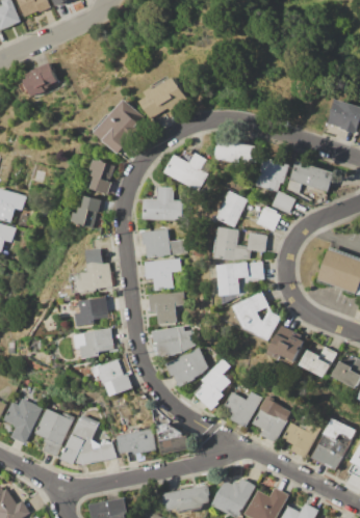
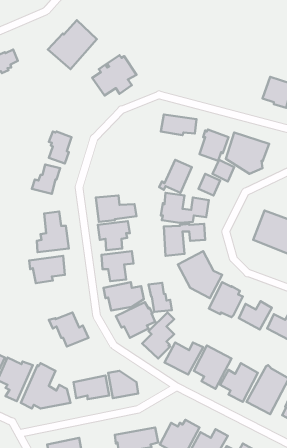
building: [93,99,147,153] -> [48,20,97,69]
building: [165,148,214,190] -> none
building: [143,186,181,221] -> none
building: none -> [149,283,172,312]
building: [72,328,114,358] -> none

